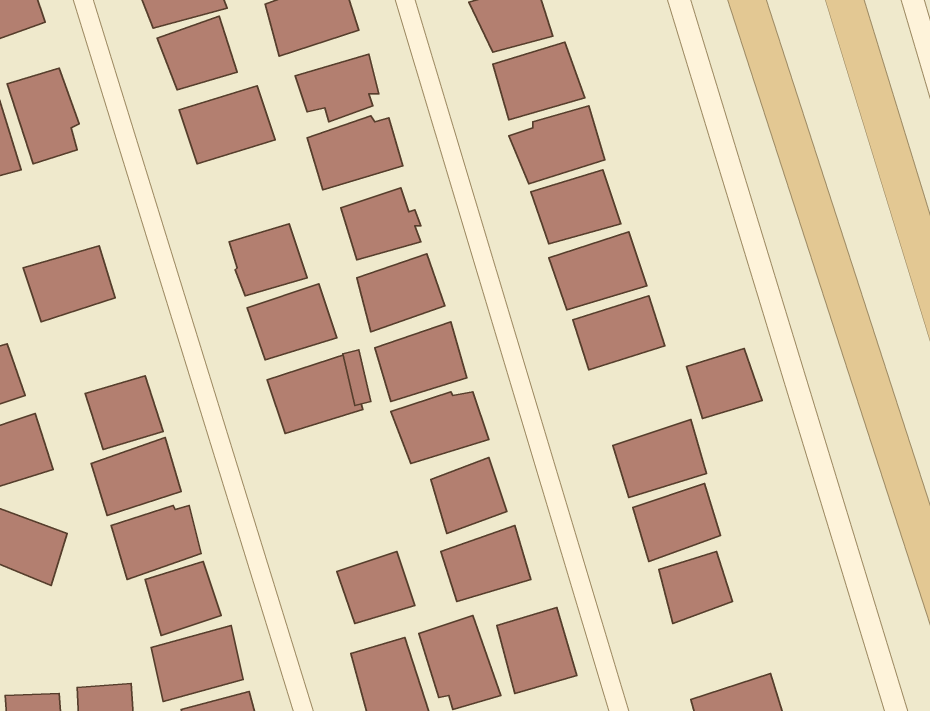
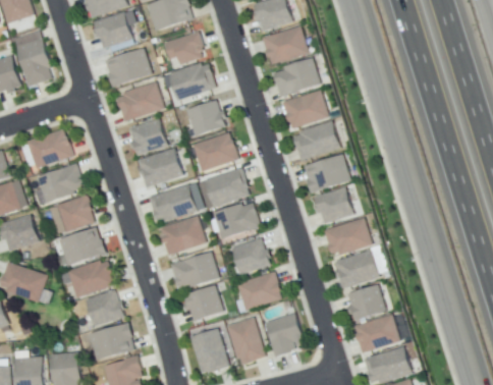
building: none -> [116,81,165,121]
building: none -> [35,164,85,204]
building: [686,348,762,418] -> [315,187,353,223]
building: none -> [161,217,206,256]
building: none -> [170,252,219,291]
building: none -> [354,314,399,352]

